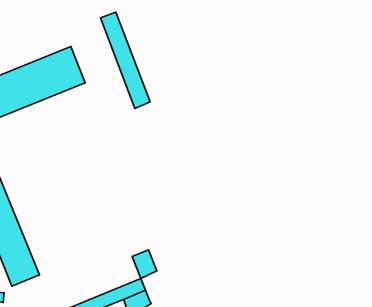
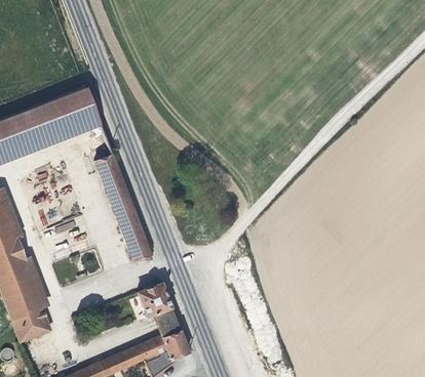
building: [100,12,150,109] -> [96,156,150,259]
building: none -> [138,281,170,313]
building: none -> [162,327,190,358]

